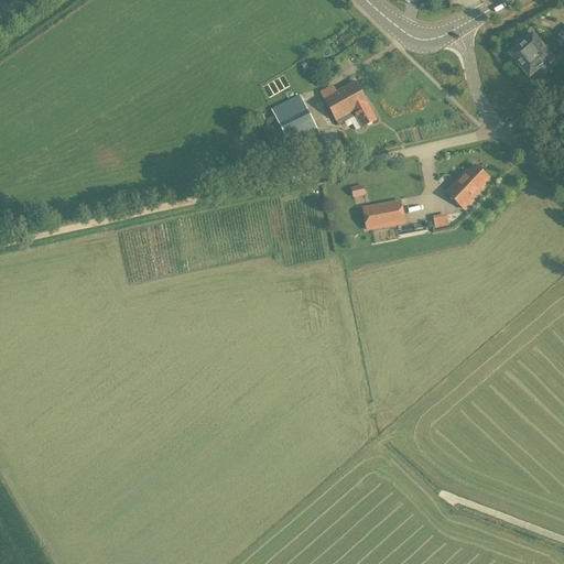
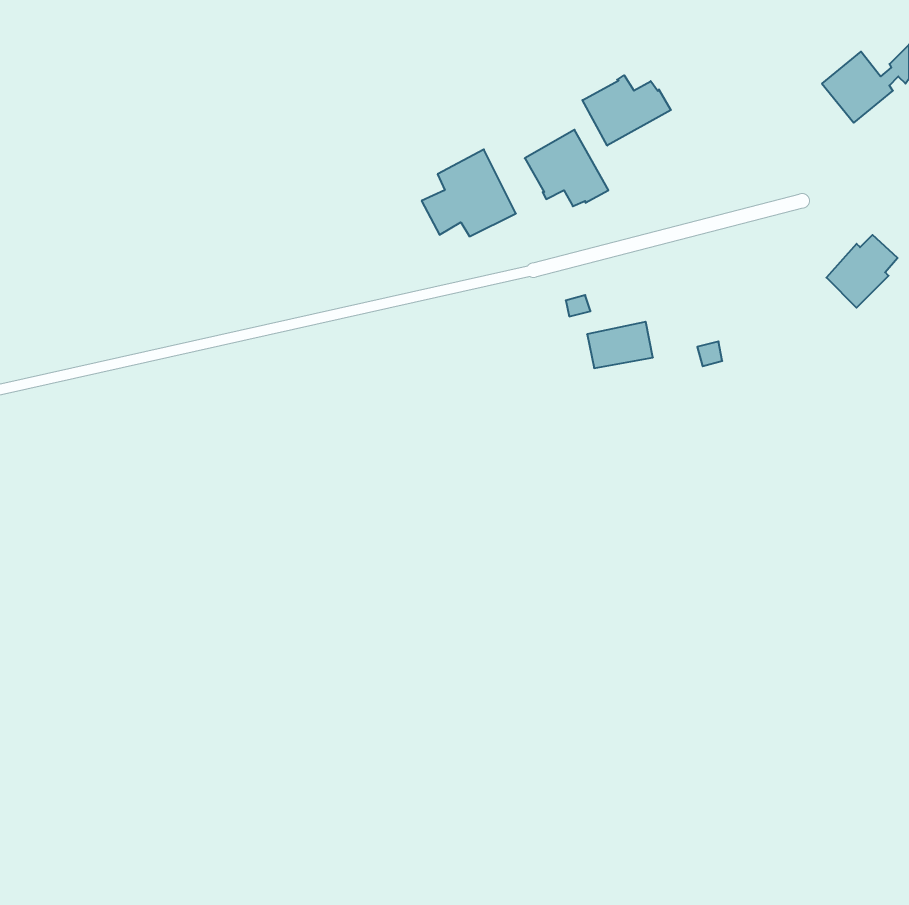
building: none -> [582,75,671,146]
building: [446,163,490,208] -> [826,235,898,308]

